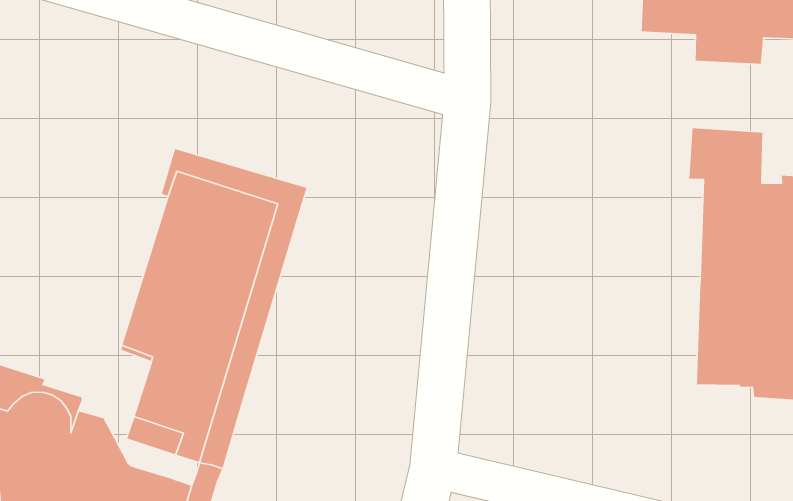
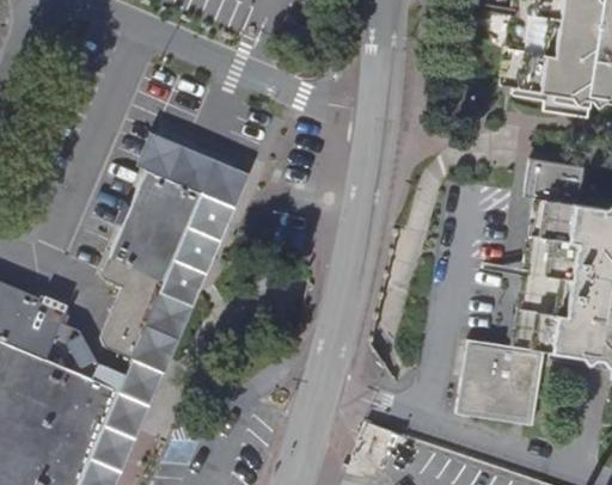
building: none -> [461,339,544,424]

